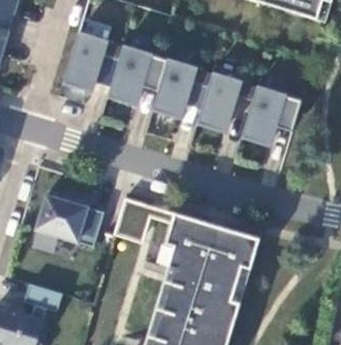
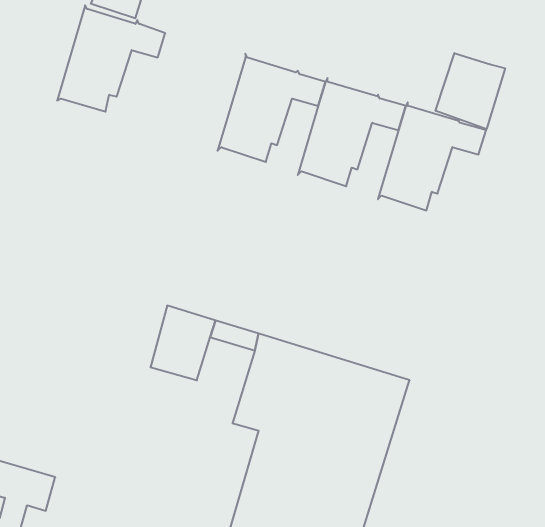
building: [107,47,167,105] -> none
building: none -> [436,53,505,129]
building: [35,195,104,247] -> none

